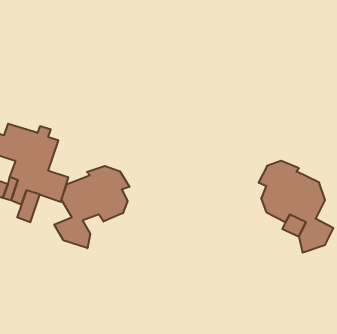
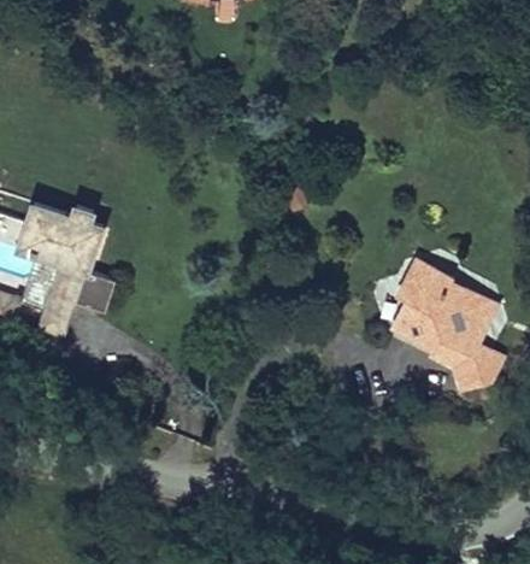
building: [54,166,129,248] -> none

